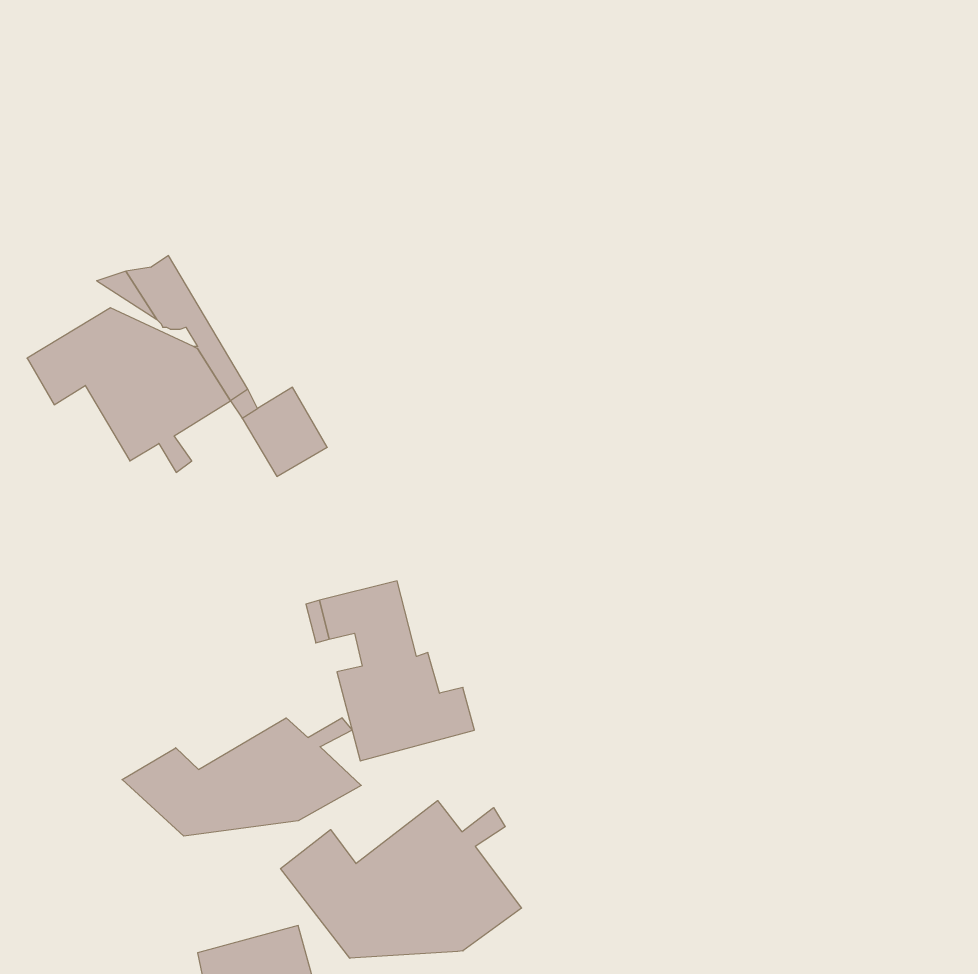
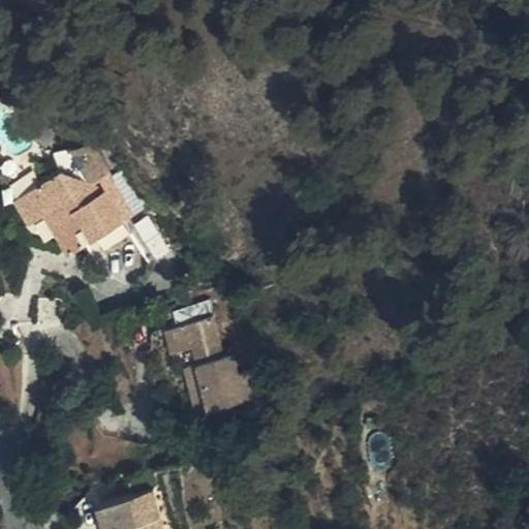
building: [122,718,361,836] -> none
building: [281,801,522,958] -> none

